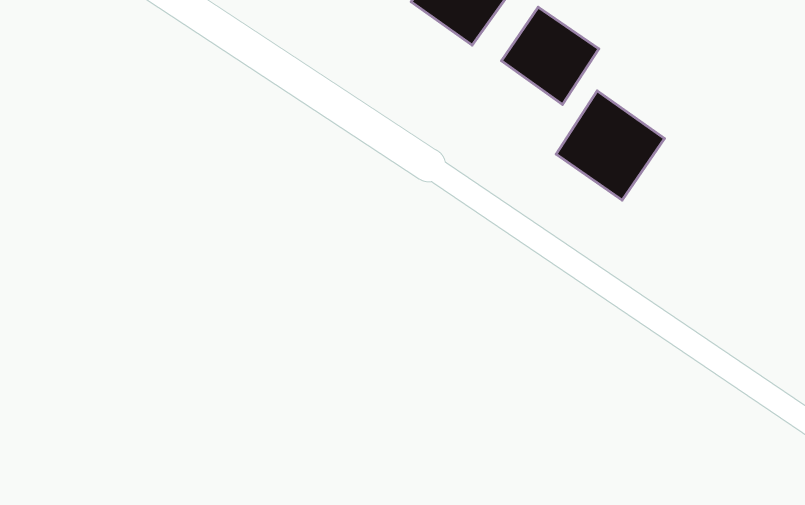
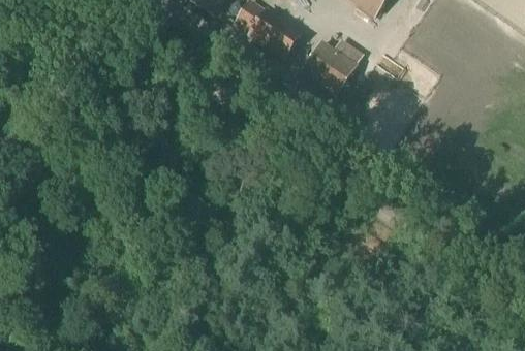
building: [556,91,664,200] -> none

